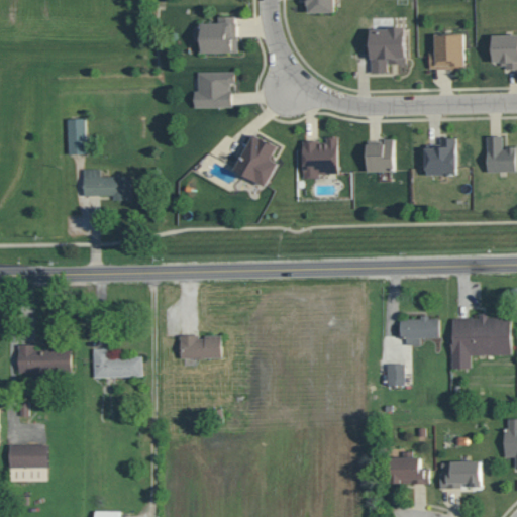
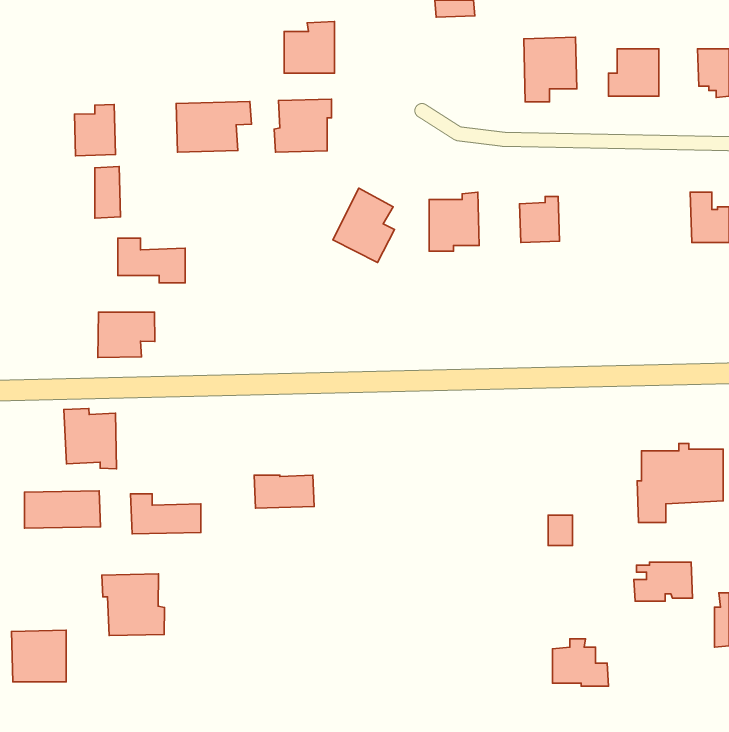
building: none -> [176,101,251,152]
building: none -> [74,105,115,156]
building: [424,137,455,176] -> none
building: none -> [98,312,155,357]
building: none -> [64,408,116,469]
building: [399,315,438,345] -> none
building: none -> [102,574,164,636]
building: [438,460,480,488] -> [634,562,693,601]

